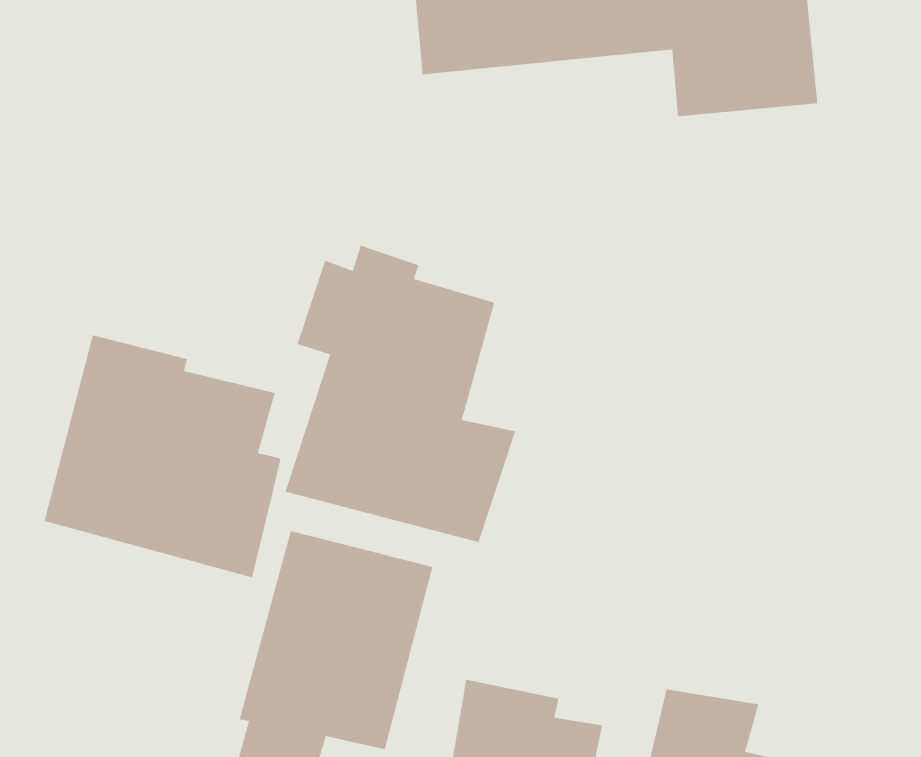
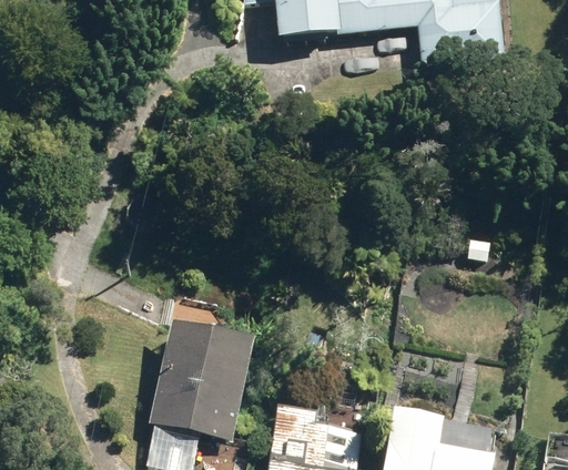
building: [285,245,516,543] -> none
building: [44,335,281,578] -> none

